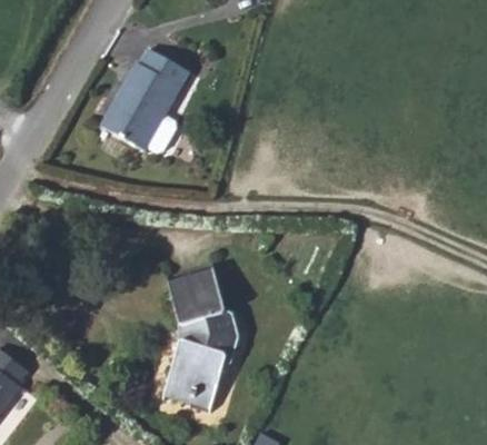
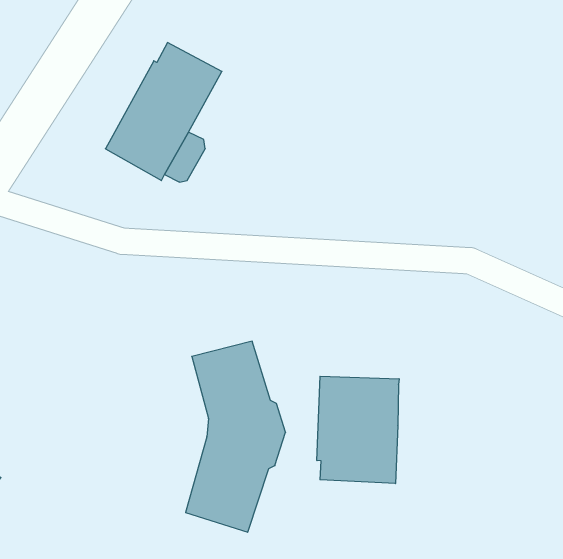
building: none -> [317,376,399,484]

